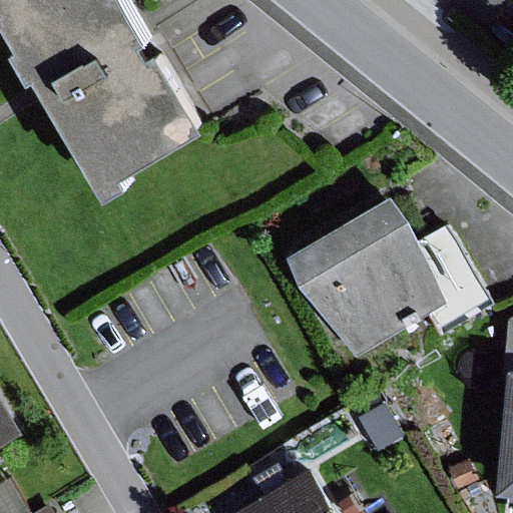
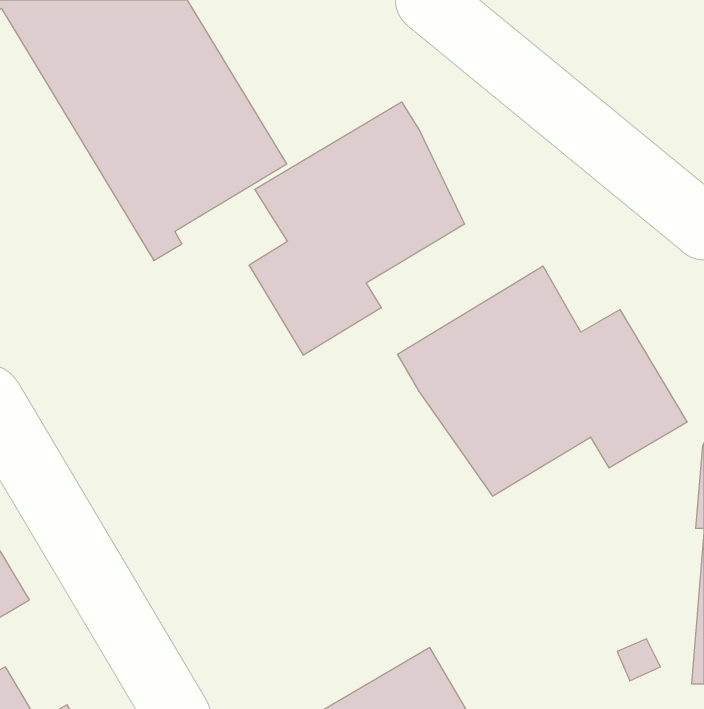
building: none -> [249,102,464,355]

